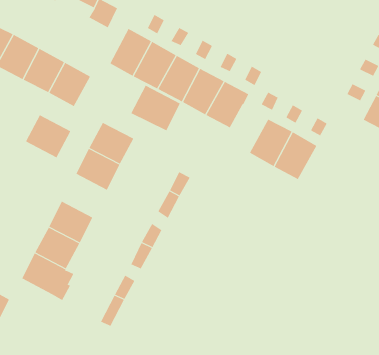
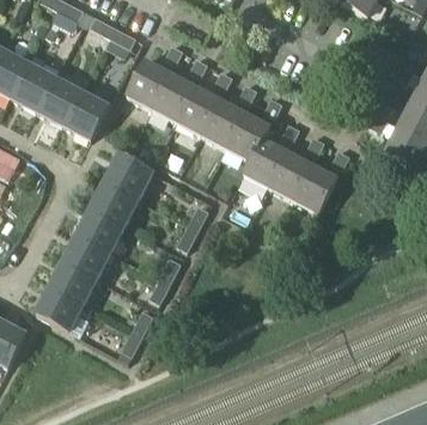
building: [131,85,181,131] -> none
building: none -> [244,136,288,186]
building: [25,115,71,158] -> [78,207,124,251]

